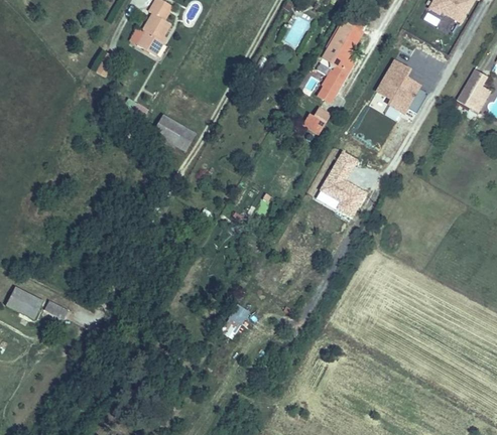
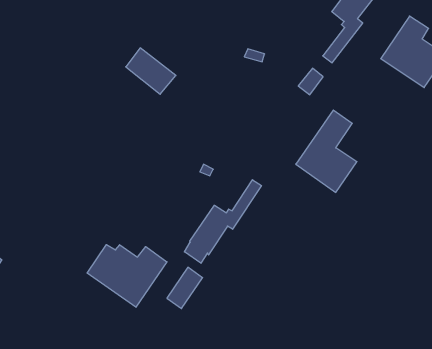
building: none -> [184,180,261,263]
building: none -> [87,245,167,307]

